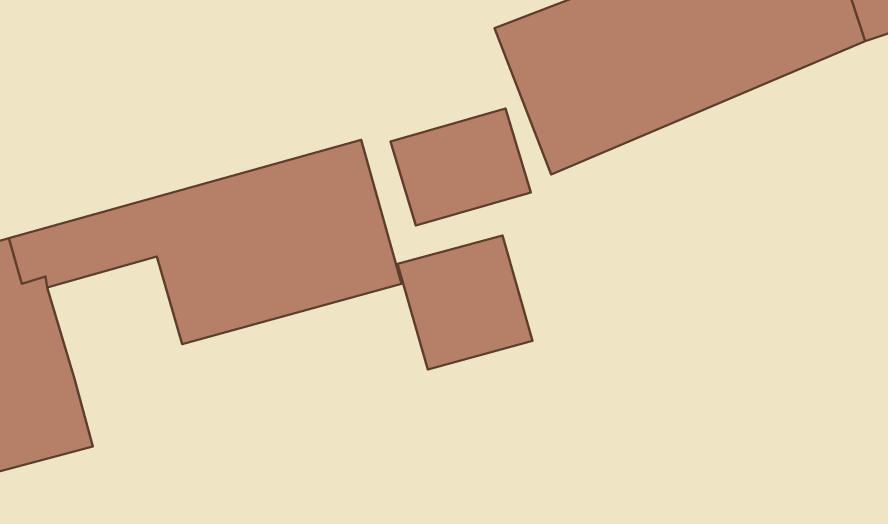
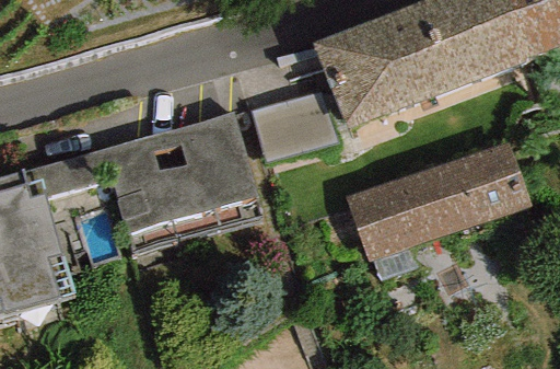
building: none -> [348,145,529,261]
building: [398,235,533,369] -> none

